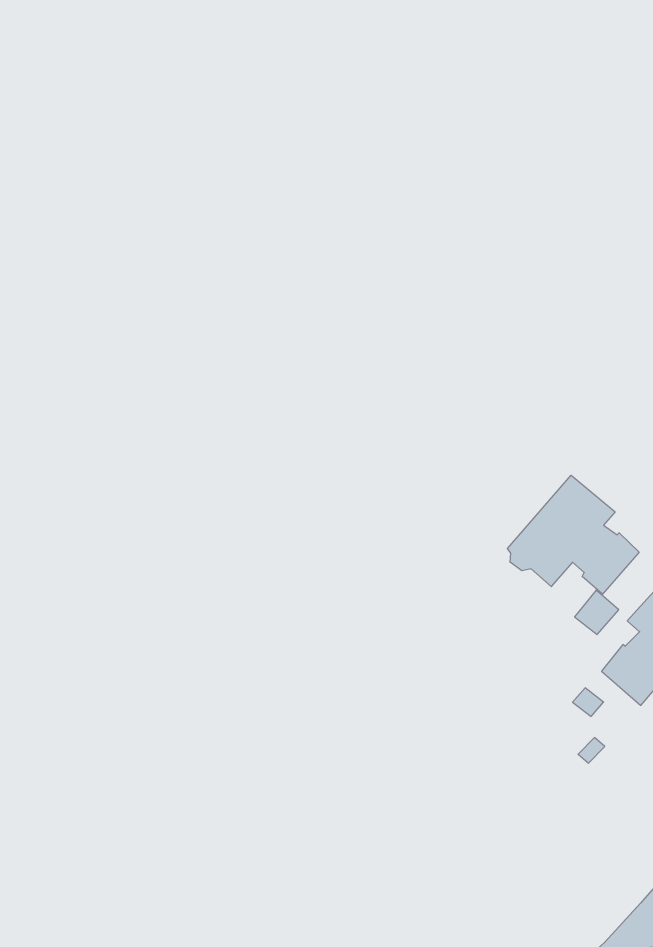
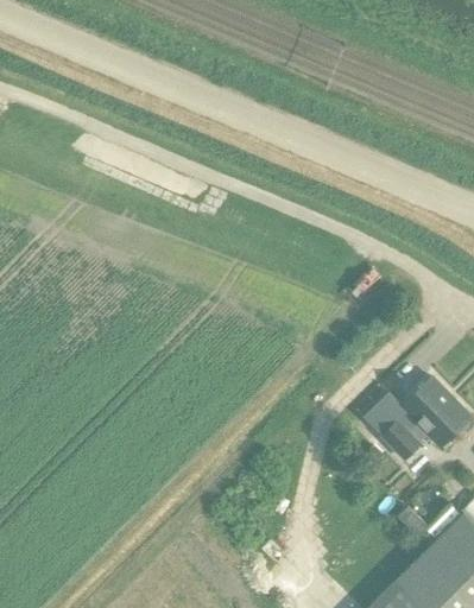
building: [507,475,639,594] -> none

